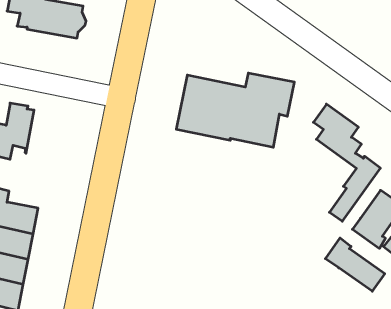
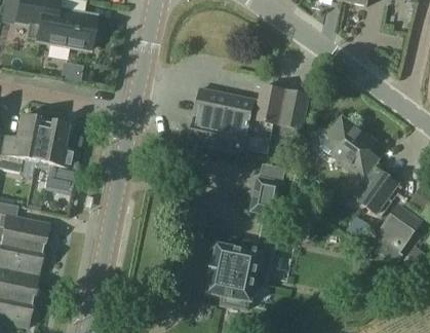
building: none -> [34,121,78,191]
building: none -> [206,177,283,308]
building: [325,238,385,291] -> none

